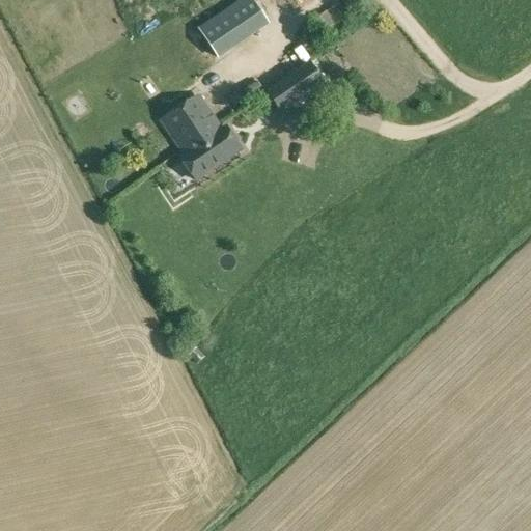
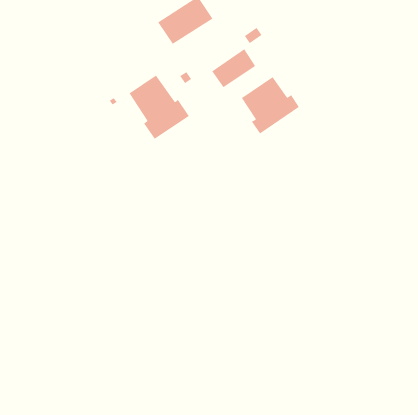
building: none -> [241,76,300,135]

